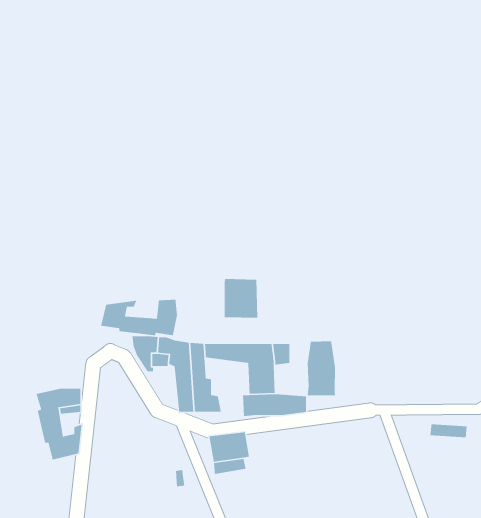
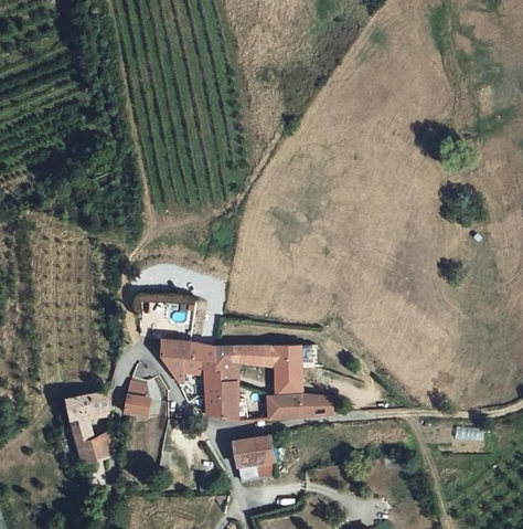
building: [224,278,258,318] -> none
building: [100,299,178,336] -> none
building: [307,341,336,396] -> none
building: none -> [126,380,151,411]

